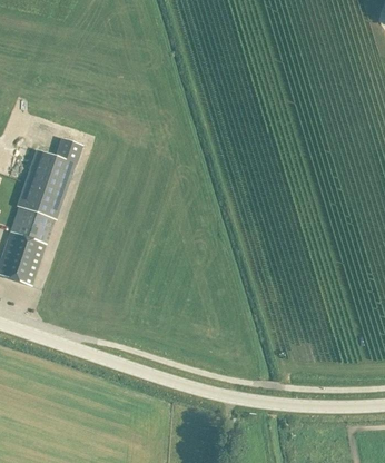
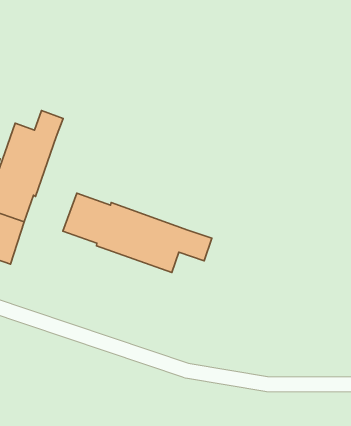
building: none -> [63,193,212,272]

